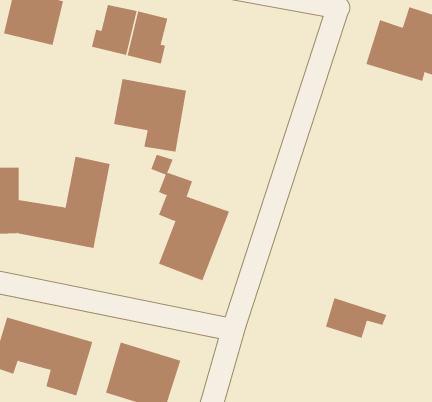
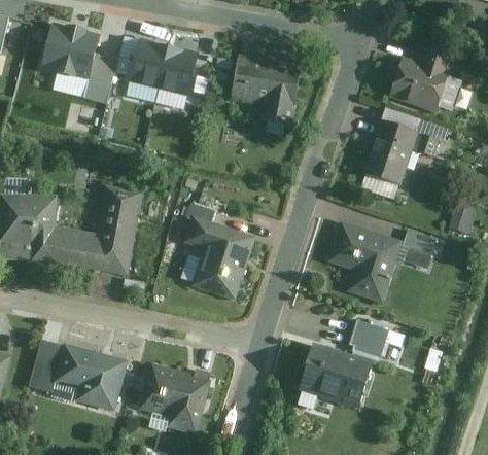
building: none -> [82,56,115,105]
building: none -> [361,106,438,185]
building: [113,78,187,152] -> [230,57,300,127]
building: none -> [327,222,440,303]
building: none -> [298,345,367,406]

